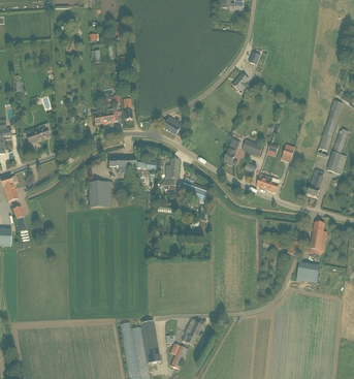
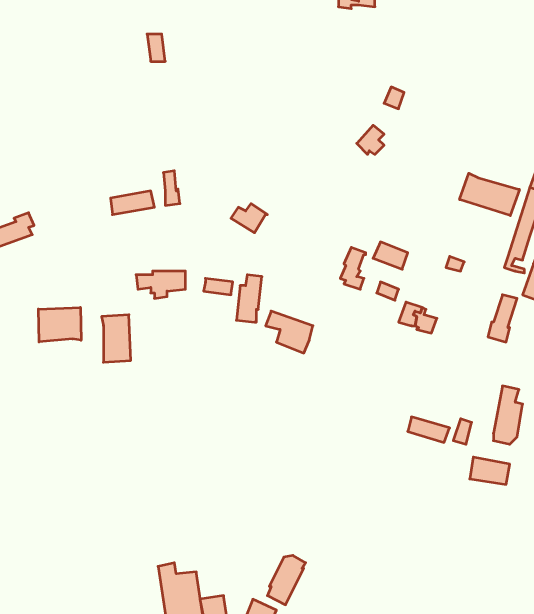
building: none -> [460,173,519,216]
building: none -> [38,307,81,342]

